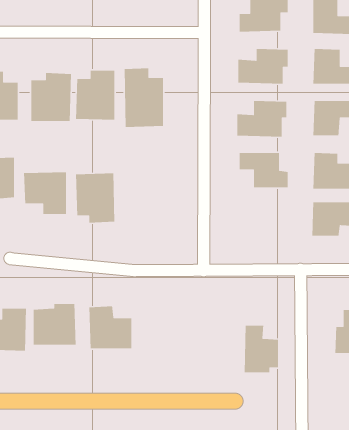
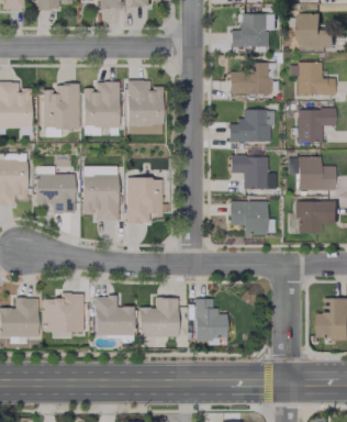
building: none -> [125,178,161,223]
building: none -> [228,201,273,234]
building: none -> [137,298,177,336]
building: [244,325,279,373] -> [193,299,225,343]

